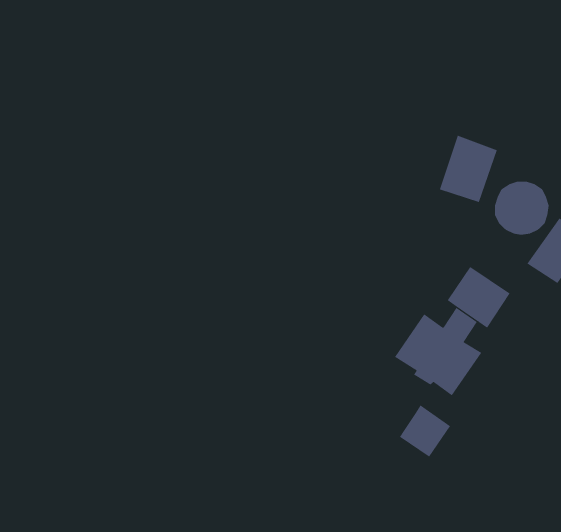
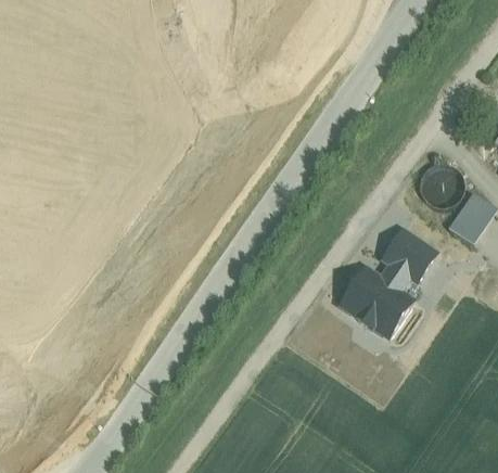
building: [439,135,497,203] -> none
building: [399,405,451,457] -> none

